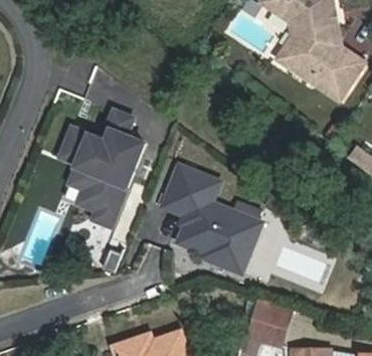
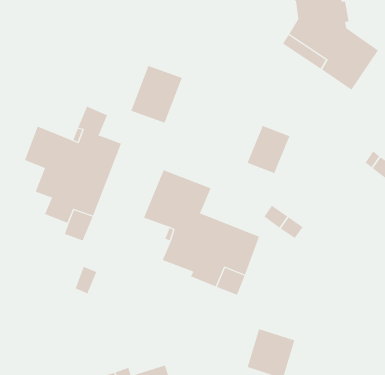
building: none -> [130,65,183,124]
building: none -> [247,125,290,174]

